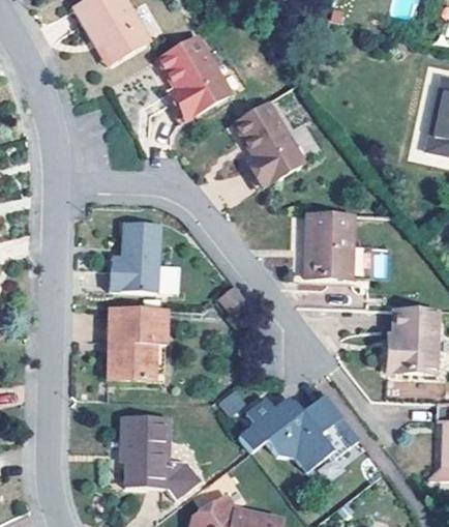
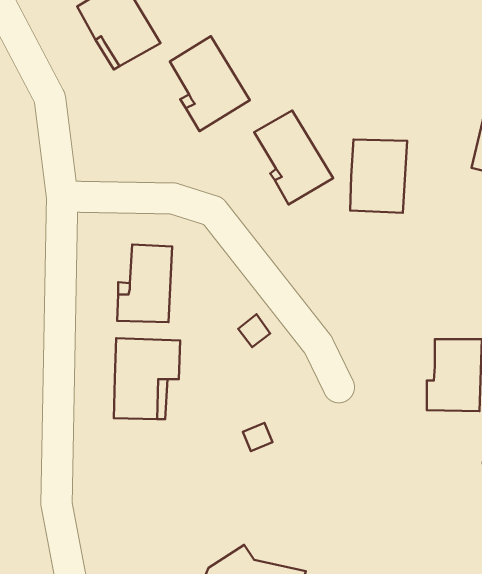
building: [304,212,356,279] -> [350,140,407,213]
building: [236,390,356,468] -> none
building: [120,416,199,498] -> none

